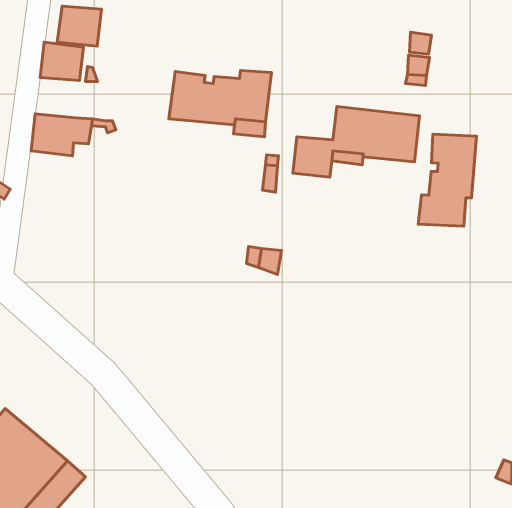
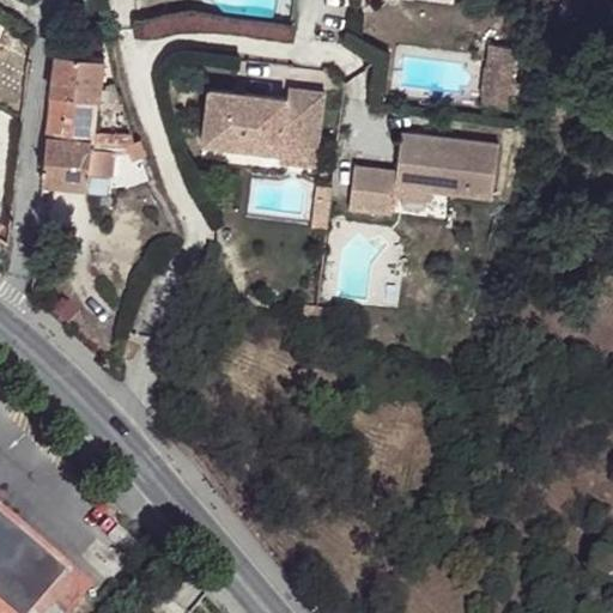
building: [57,6,101,46] -> [42,99,95,147]
building: [418,134,476,226] -> none

